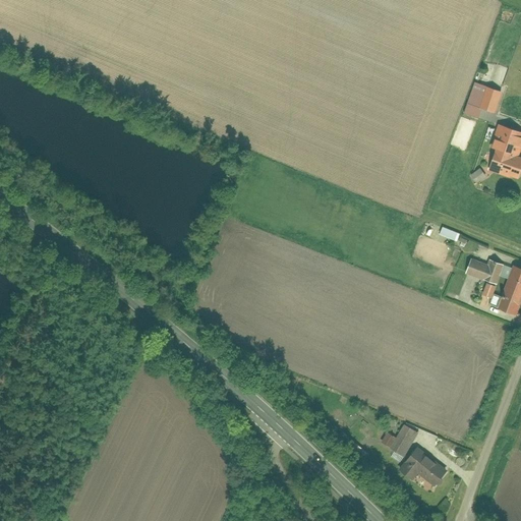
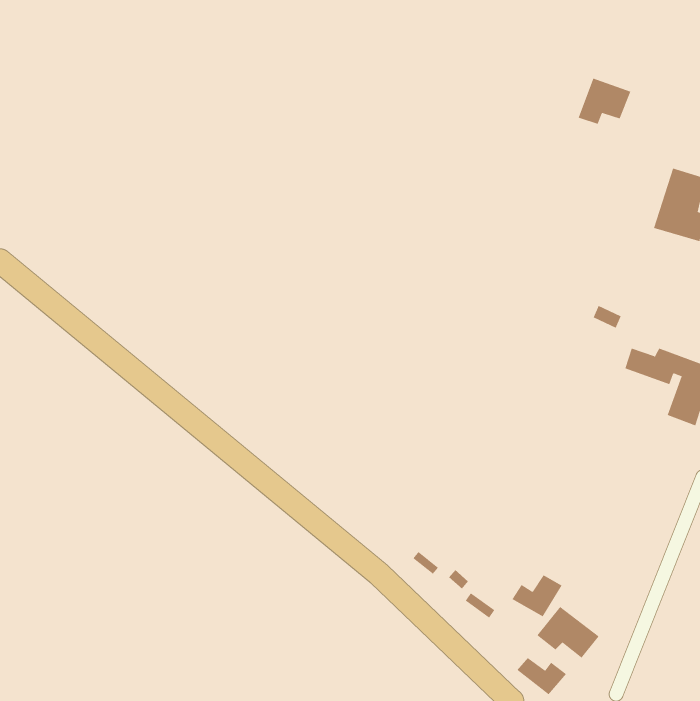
building: [464,83,504,118] -> [578,78,631,125]
building: none -> [517,657,567,695]

